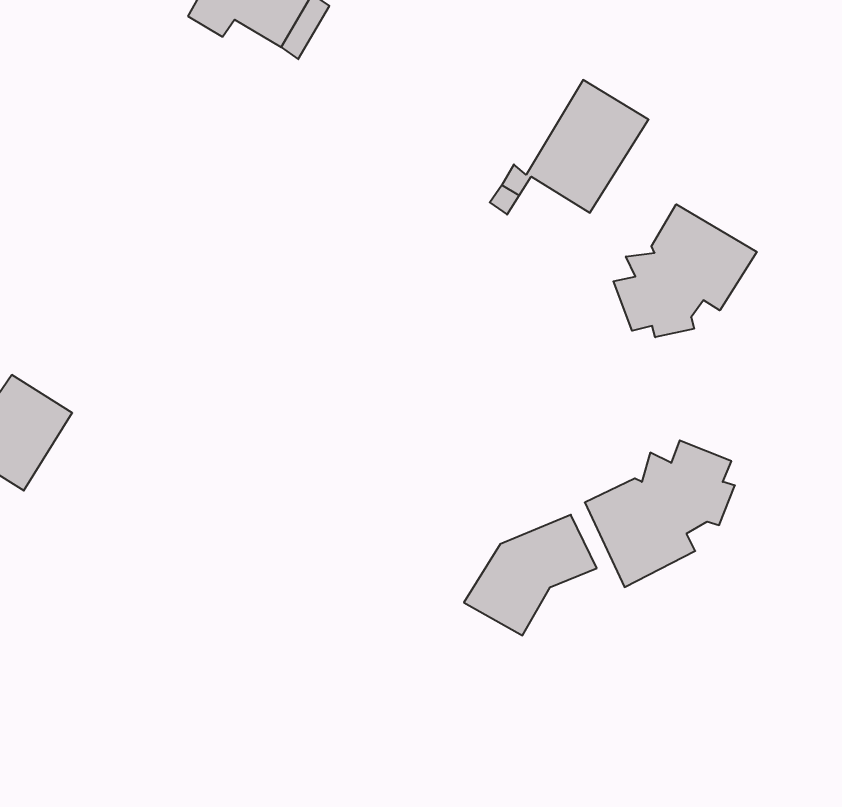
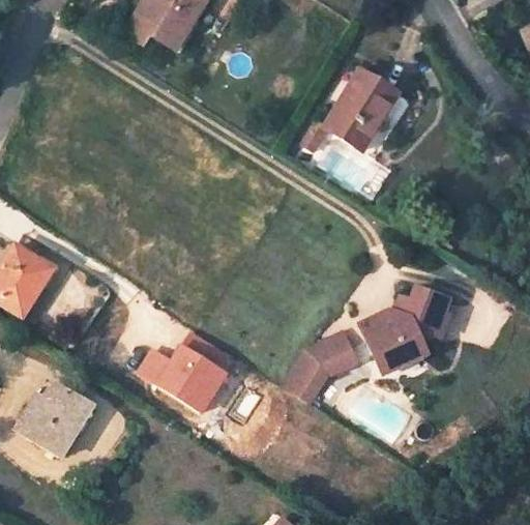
building: [613,204,757,337] -> none
building: none -> [135,329,236,414]
building: none -> [17,380,91,454]

